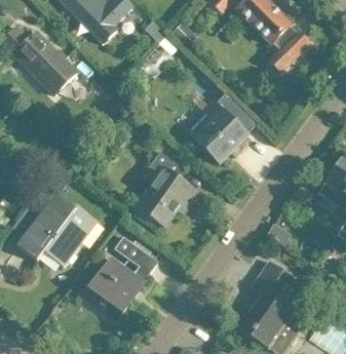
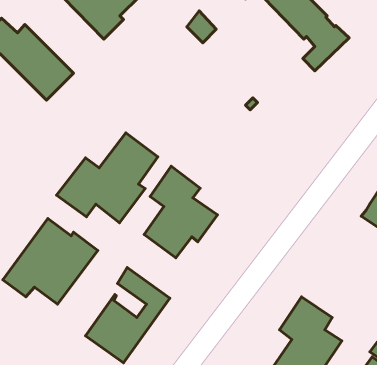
building: [185,100,247,163] -> none
building: none -> [56,133,158,223]

